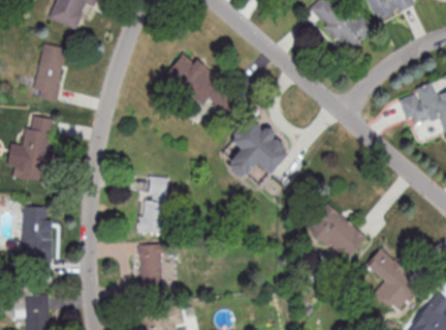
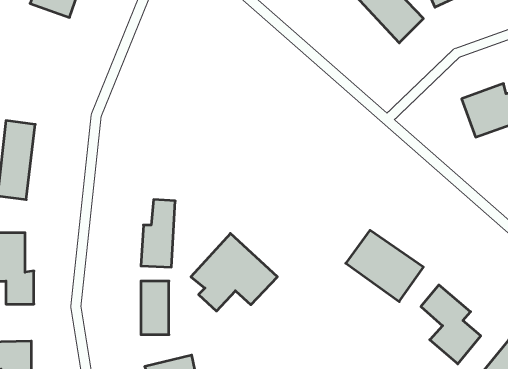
building: [31,42,67,101] -> none
building: [164,50,235,110] -> none
building: [220,116,290,179] -> [191,233,277,311]

